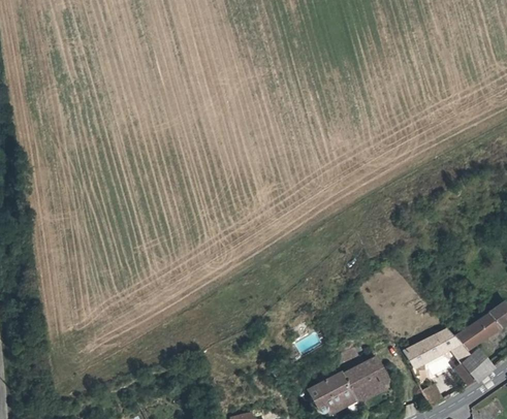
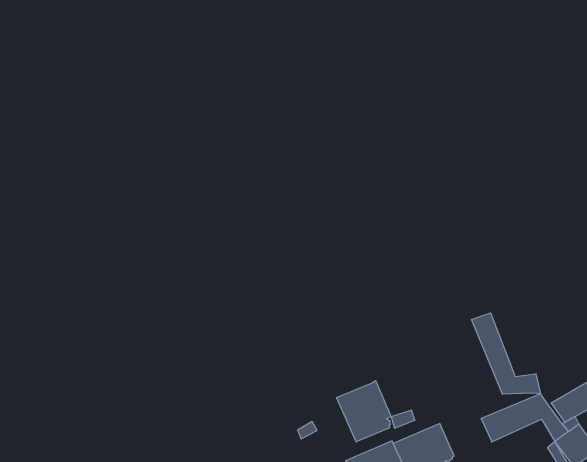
building: none -> [472,313,541,394]
building: none -> [337,381,391,442]

